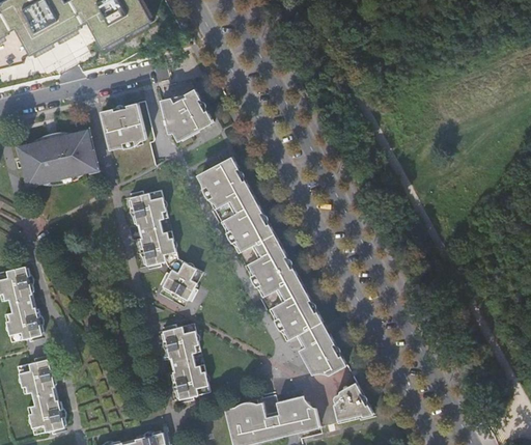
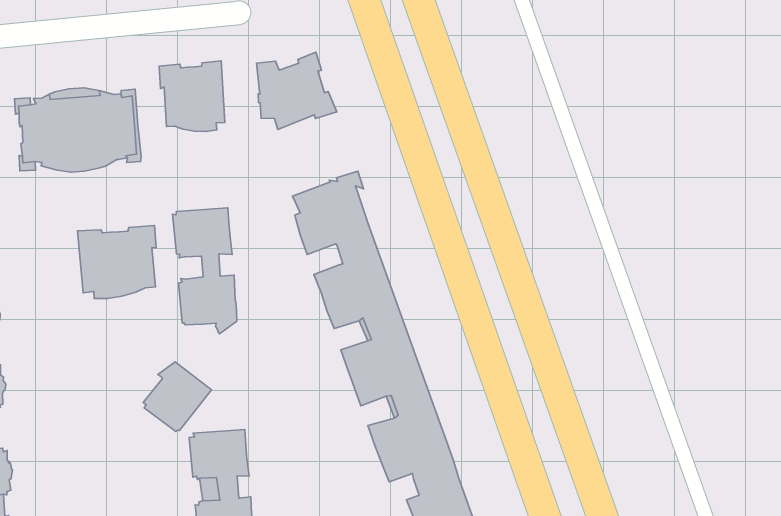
building: none -> [77,226,156,298]
building: [161,258,201,301] -> [143,362,211,432]

